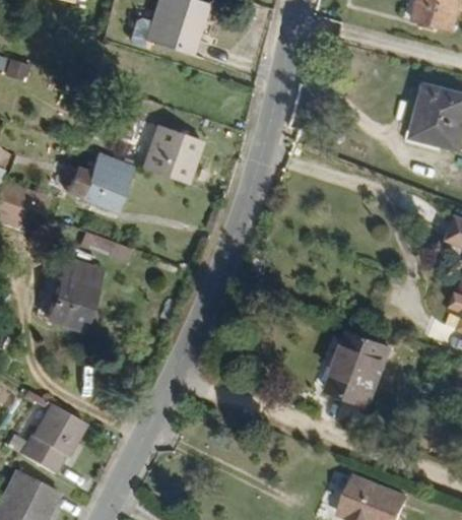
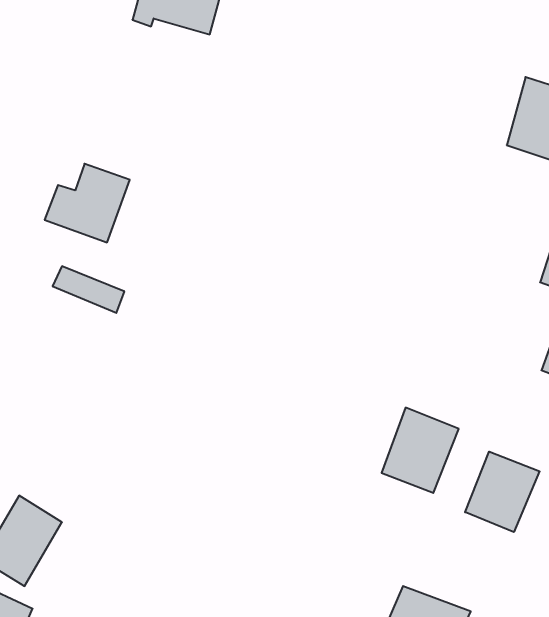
building: [145,126,202,184] -> none
building: [48,258,107,331] -> none
building: none -> [465,452,540,532]

